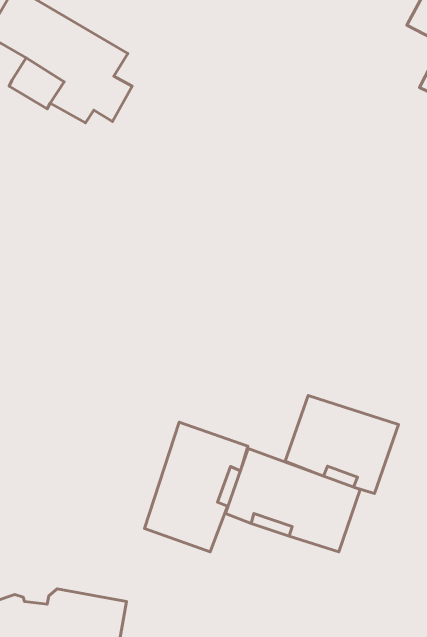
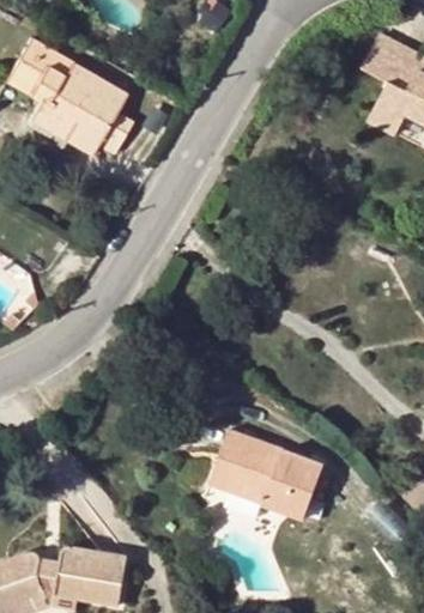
building: [285,396,398,493] -> none
building: [145,422,248,552] -> none

